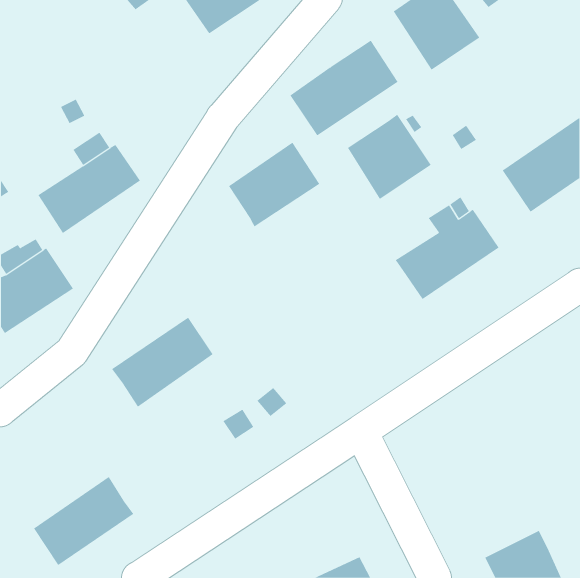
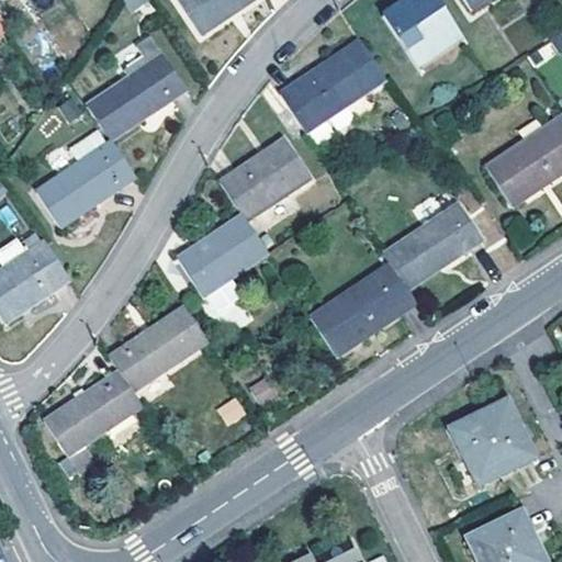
building: none -> [87,27,201,139]
building: [347,114,432,200] -> none
building: none -> [178,212,268,312]
building: none -> [310,261,417,357]
building: none -> [452,402,533,483]
building: [33,476,134,566] -> [44,370,142,457]

